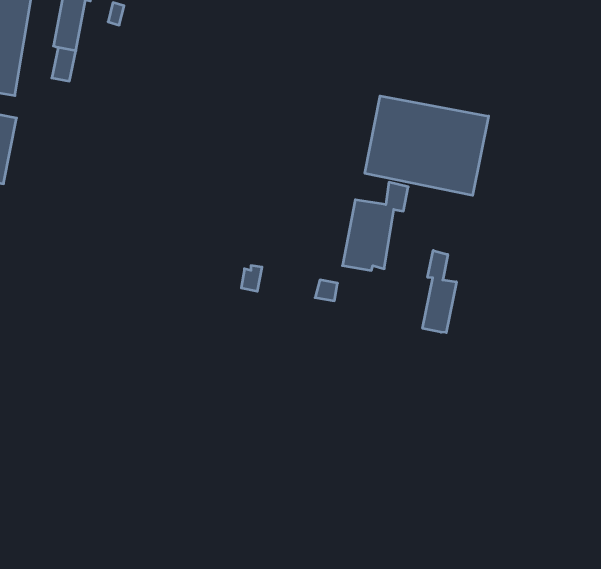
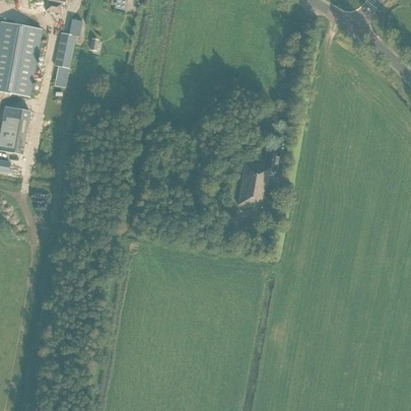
building: [365,96,489,195] -> none
building: [423,250,456,333] -> none

